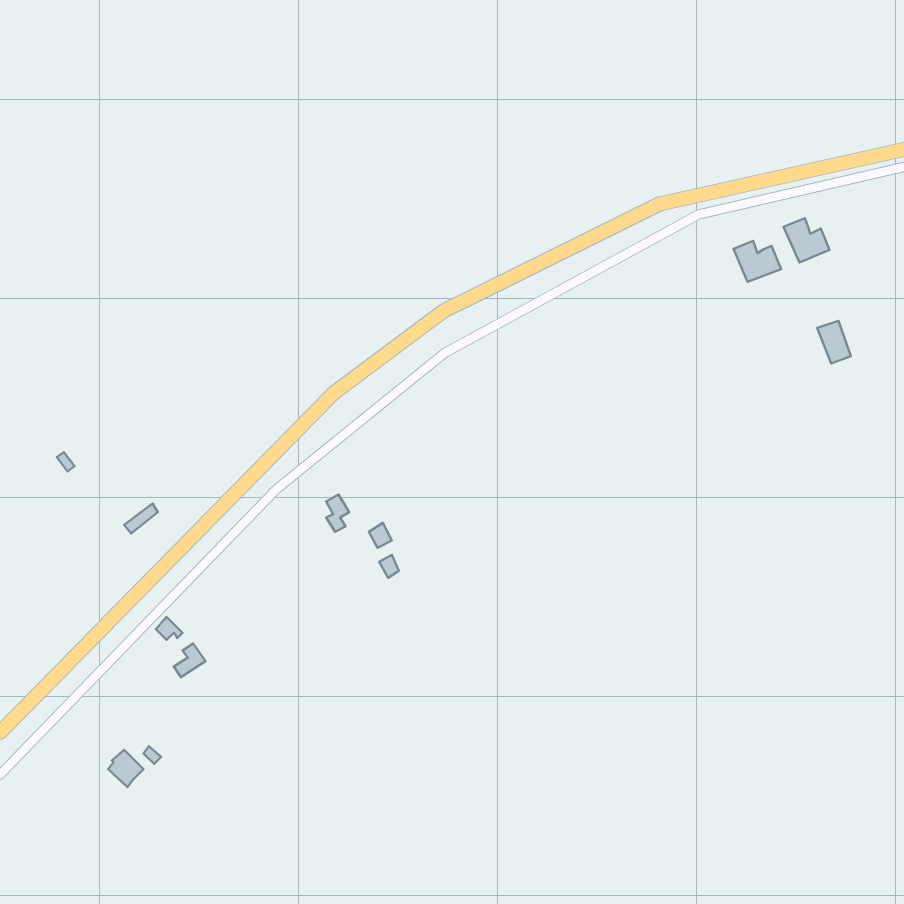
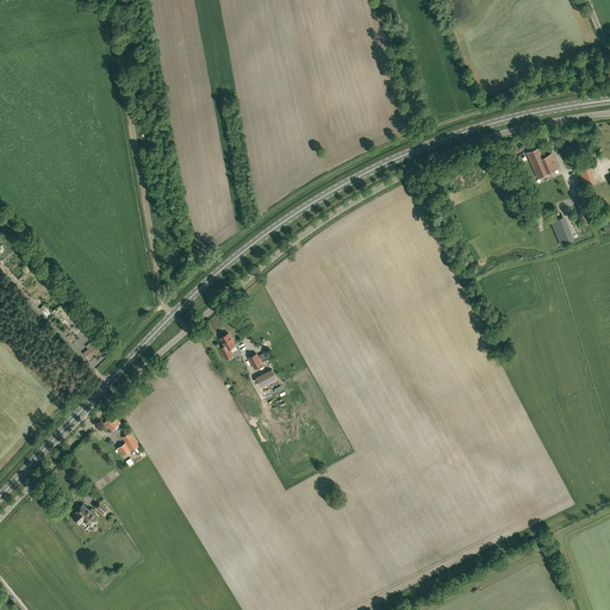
building: [734,241,781,282] -> none

